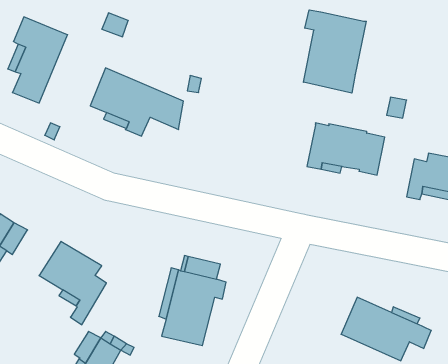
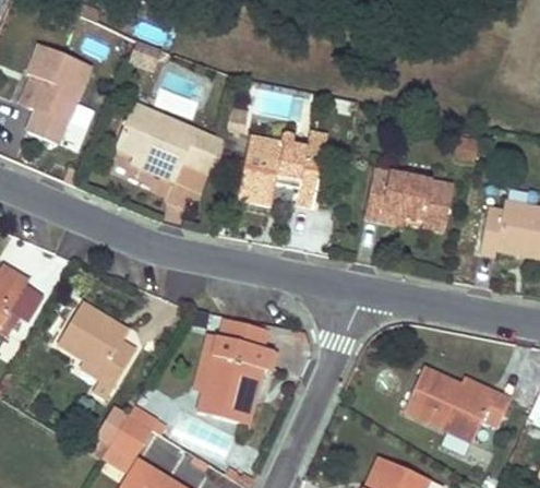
building: [303,10,366,93] -> none
building: none -> [238,132,328,205]

